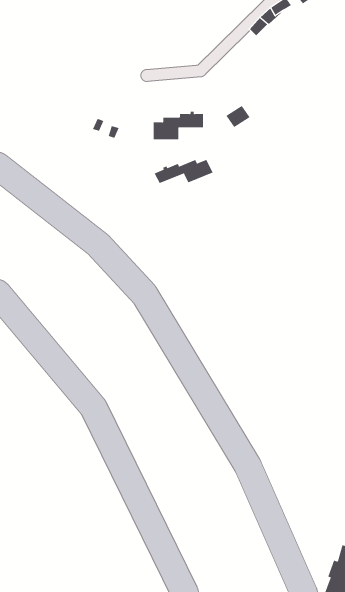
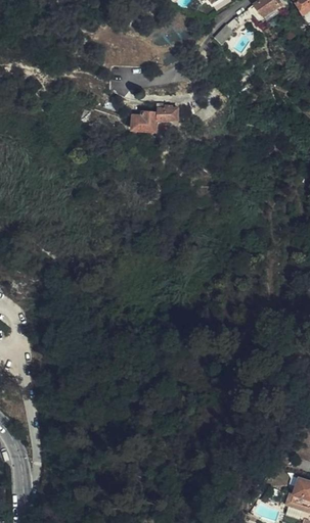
building: [154,159,214,184] -> none

